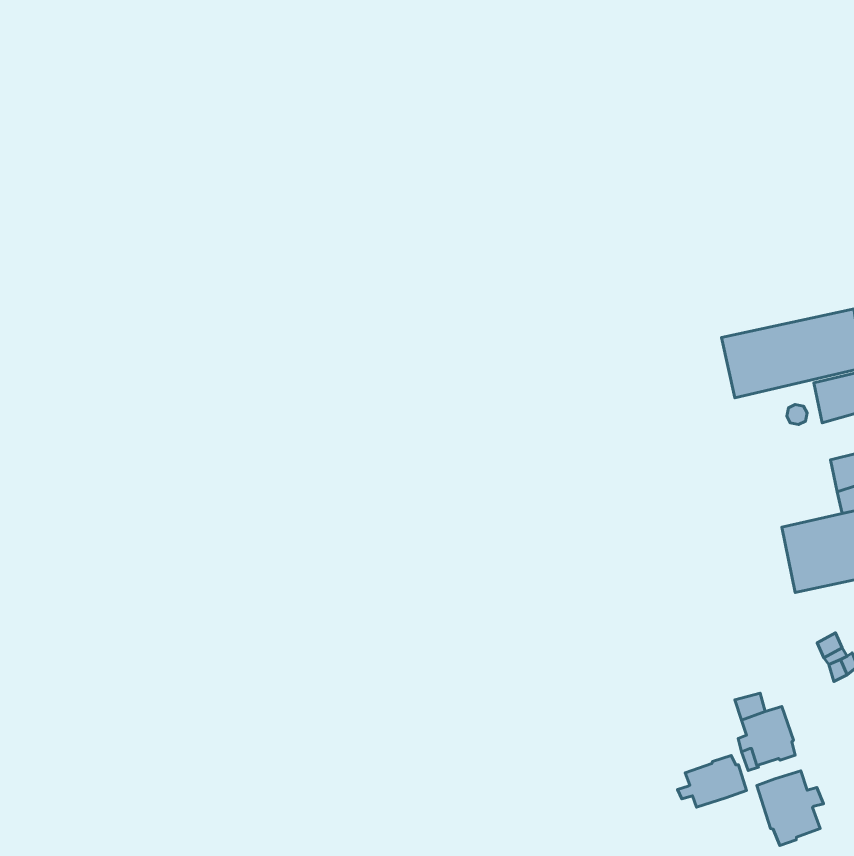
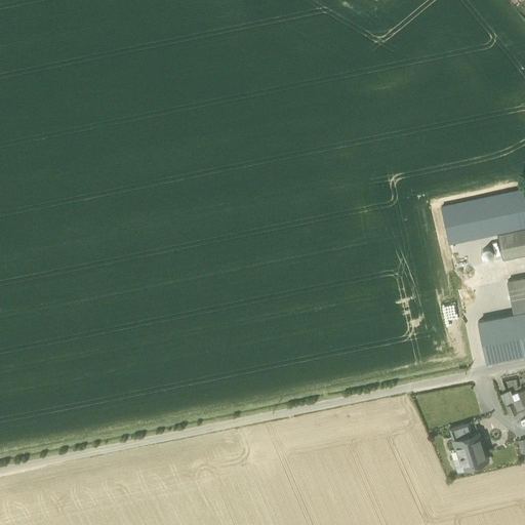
building: [677,755,746,807] -> none
building: [757,771,824,845] -> none

